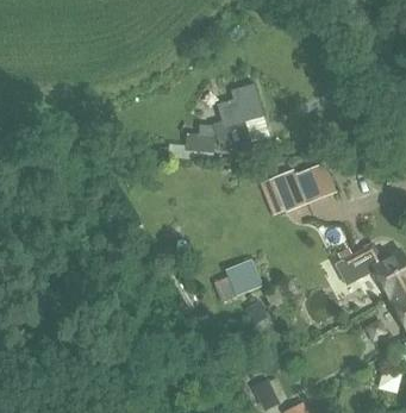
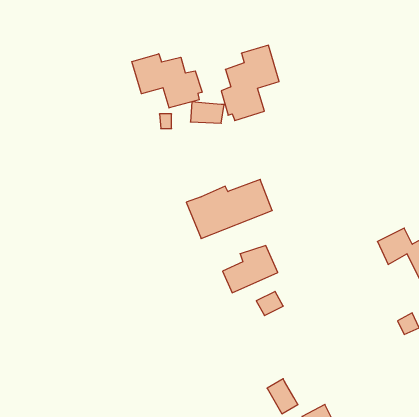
building: none -> [132,54,202,108]
building: [261,163,337,215] -> [186,179,272,239]

